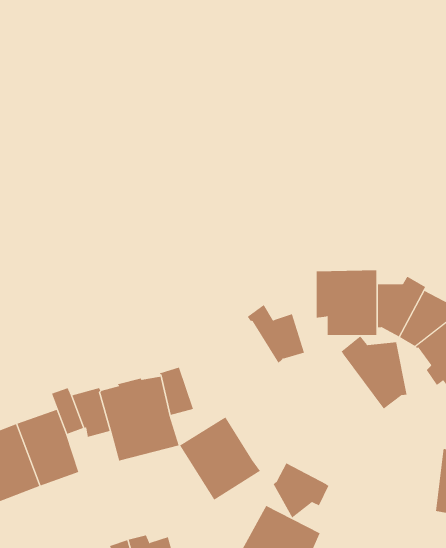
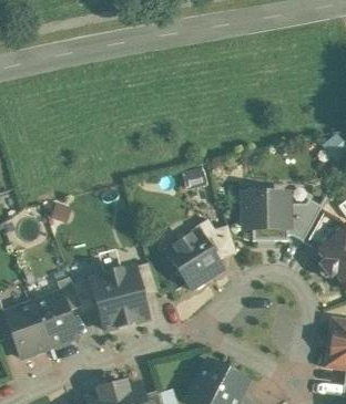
building: [341,336,407,409] -> none
building: [179,417,261,500] -> [165,230,223,289]
building: [273,462,329,519] -> none

